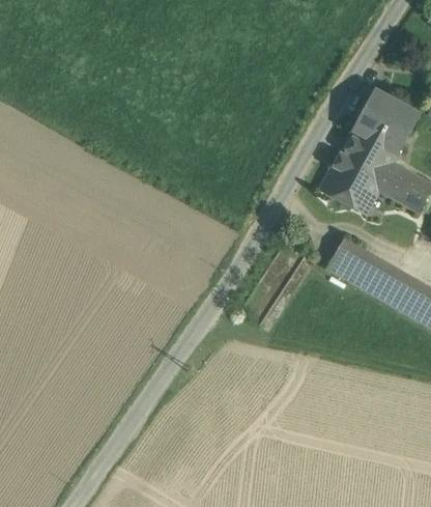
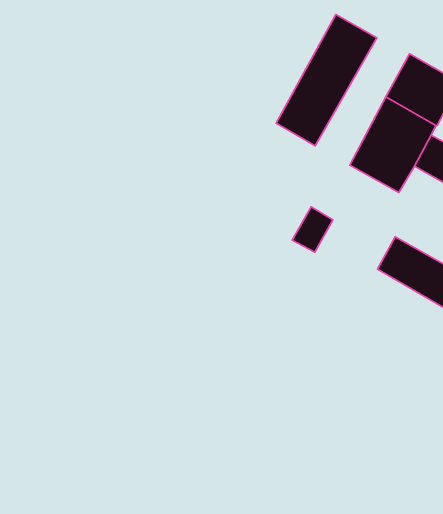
building: none -> [276,15,377,146]
building: [327,238,363,278] -> [292,207,333,252]

